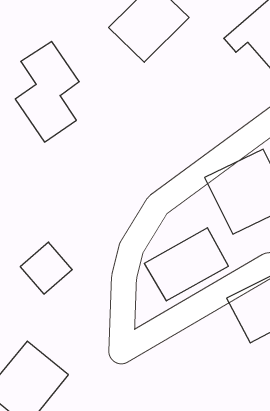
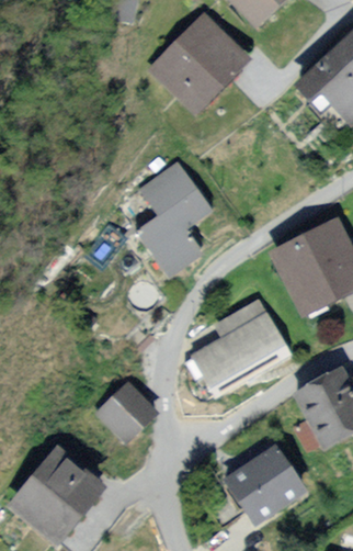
building: [15,41,79,142] -> [134,161,210,282]
building: [20,242,72,294] -> [96,379,159,441]
building: none -> [224,438,308,522]

